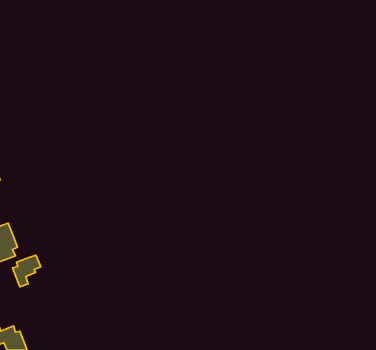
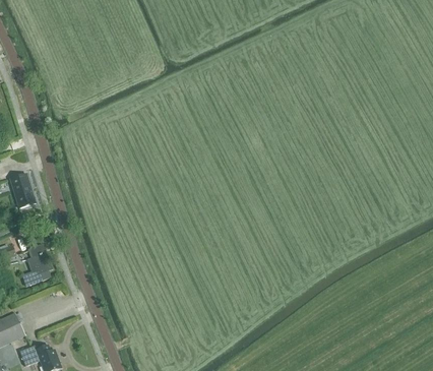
building: [13,255,41,287] -> none

